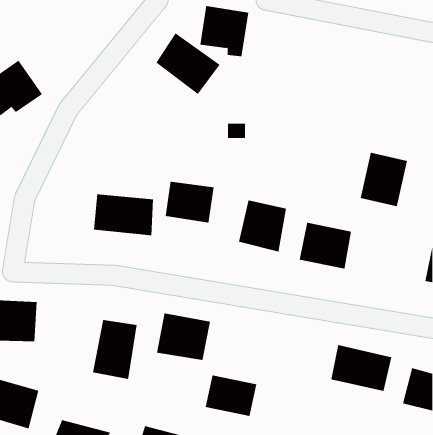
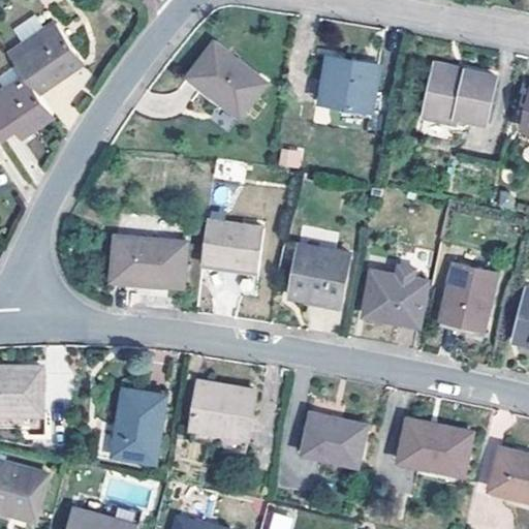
building: [200,6,249,57] -> [318,55,378,117]
building: none -> [6,22,84,95]
building: none -> [424,69,493,122]
building: [360,152,408,207] -> [438,264,496,331]
building: [205,375,257,417] -> [301,413,364,464]

